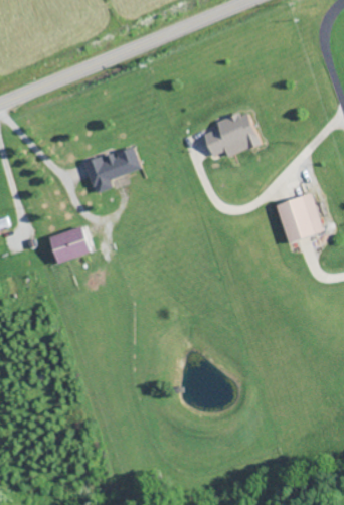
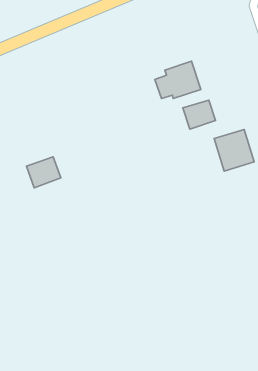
building: [84,147,140,194] -> none
building: none -> [183,100,215,129]

